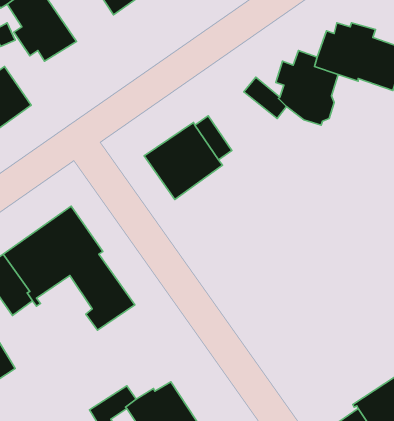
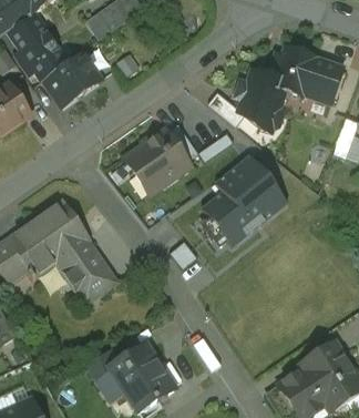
building: none -> [44,53,101,106]
building: none -> [204,154,287,246]

